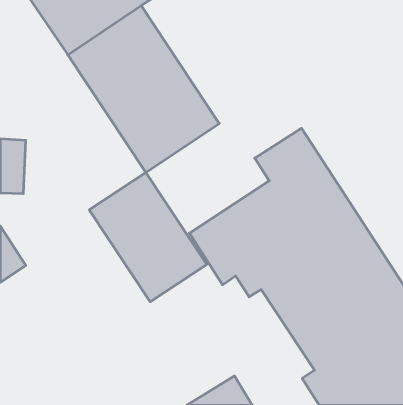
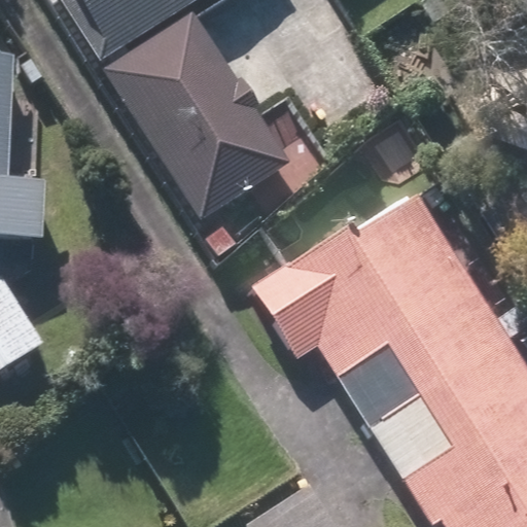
building: [89,173,207,302] -> none

